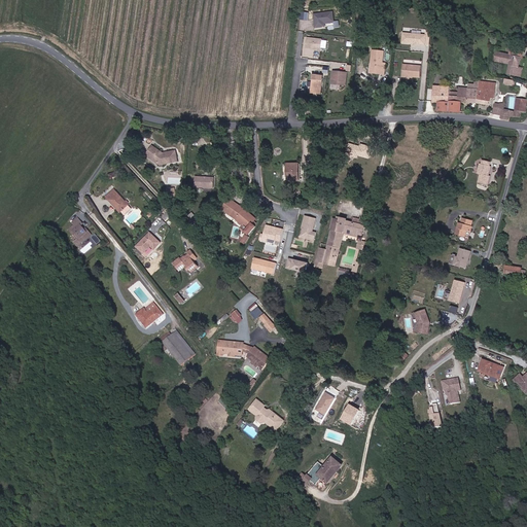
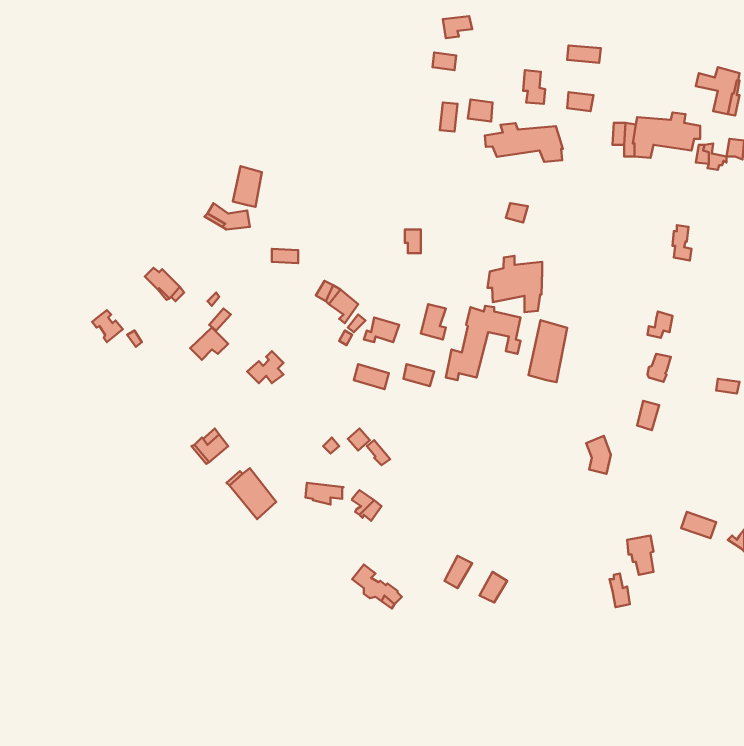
building: none -> [485,123,563,162]
building: none -> [233,166,262,207]
building: none -> [488,256,542,312]
building: none -> [528,320,567,382]
building: [316,455,344,484] -> none

